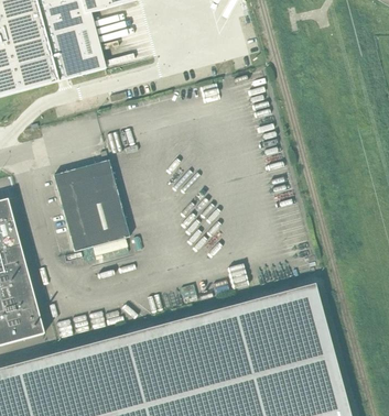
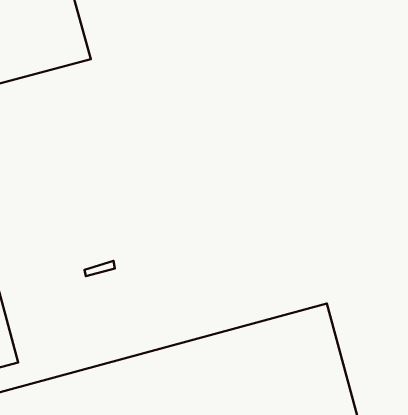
building: [53,160,129,262] -> none

